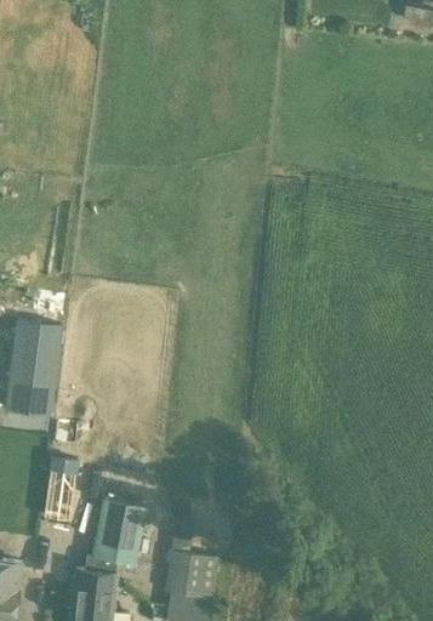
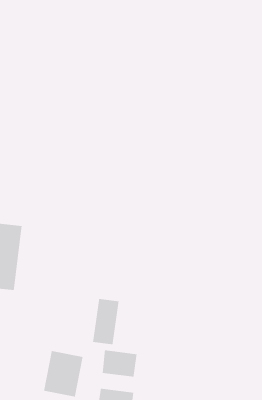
building: [40,456,78,522] -> [92,298,119,345]
building: none -> [102,350,137,377]

